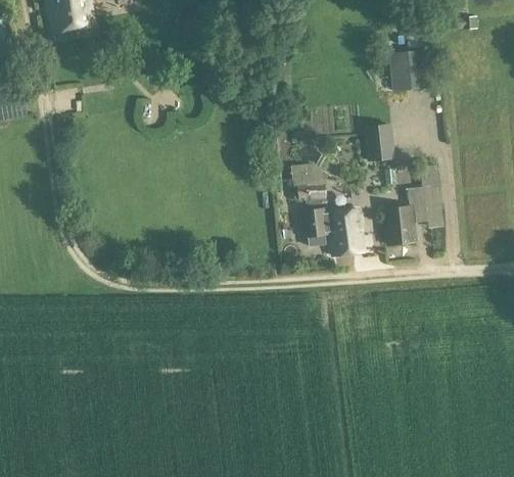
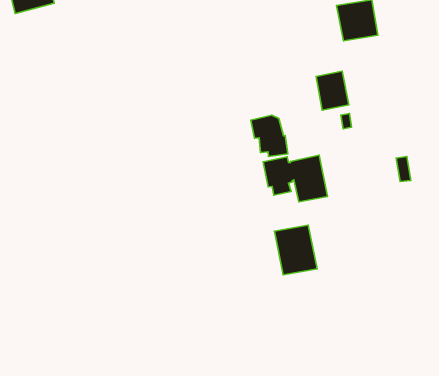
building: [385,164,440,243] -> none
building: none -> [274,225,317,275]

